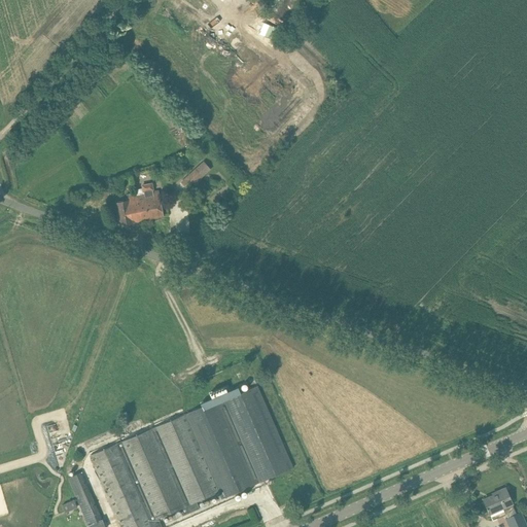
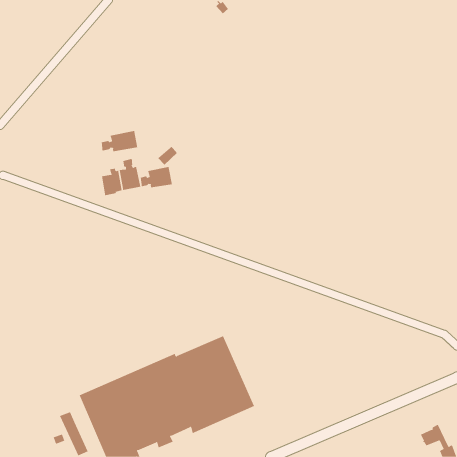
building: none -> [101,130,138,152]
building: none -> [140,166,172,188]

